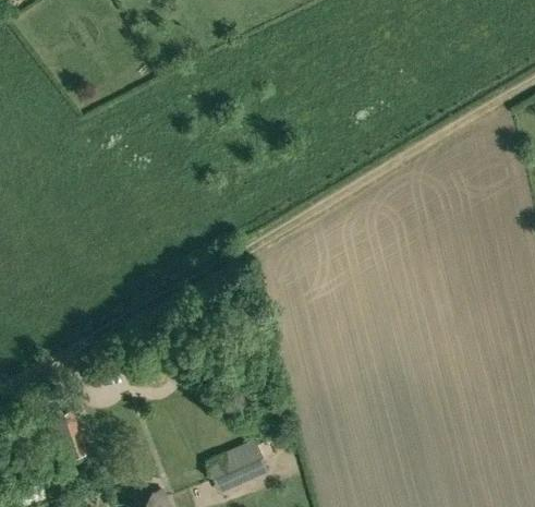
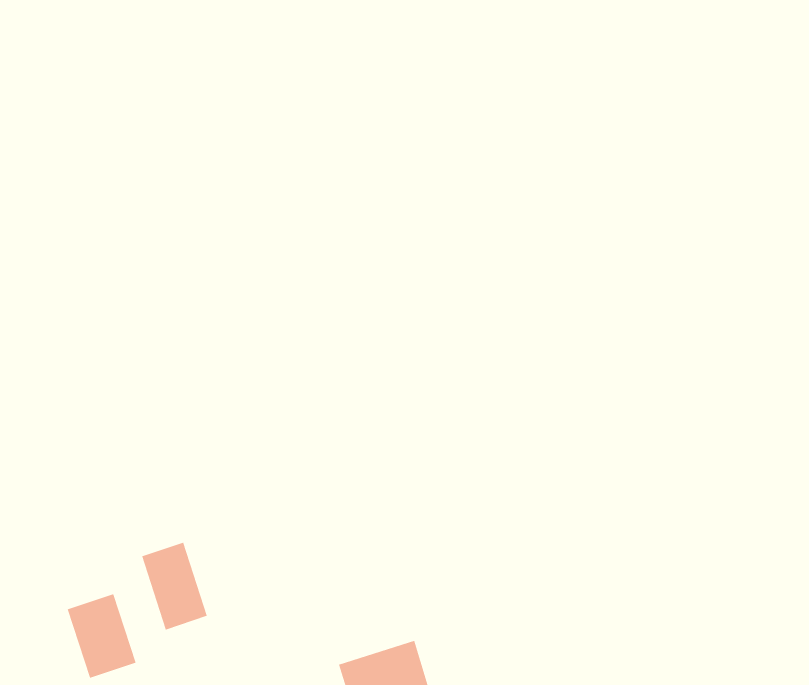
building: none -> [141,542,208,630]

